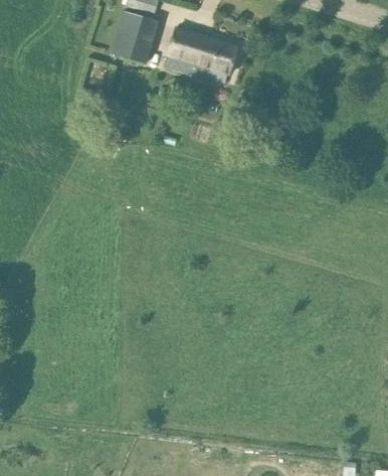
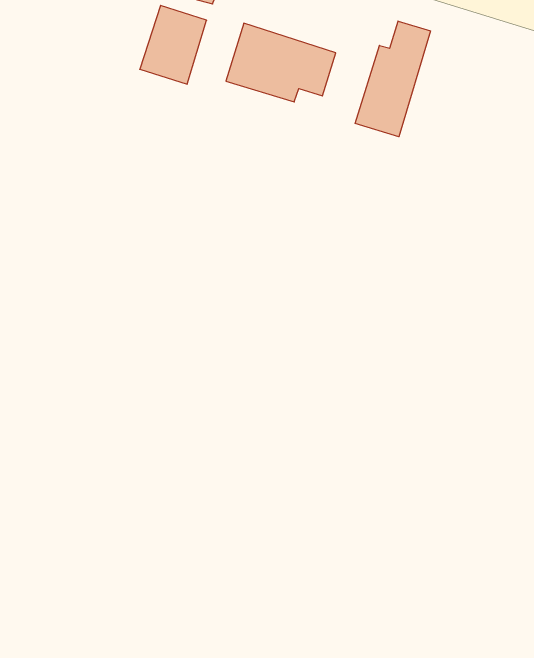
building: none -> [355,21,430,137]

